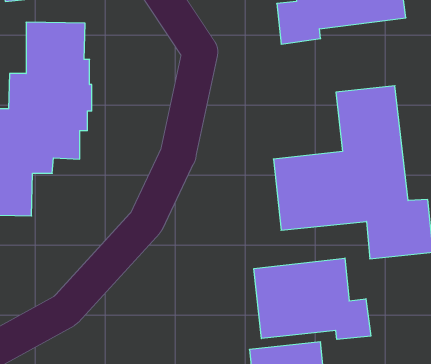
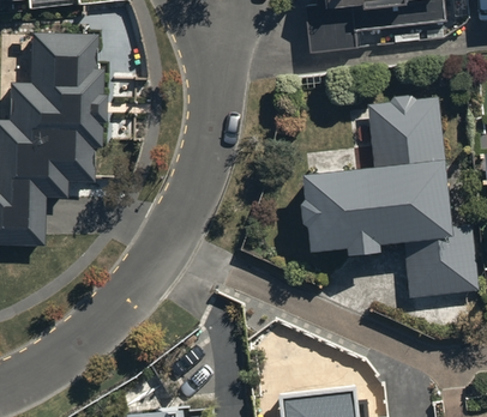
building: [254,258,371,339] -> none

